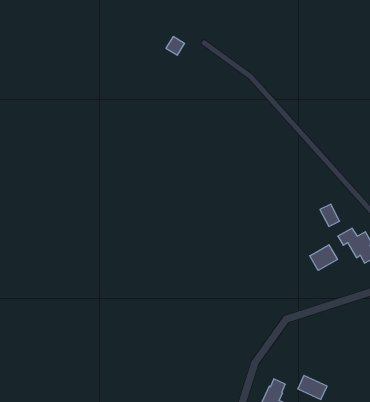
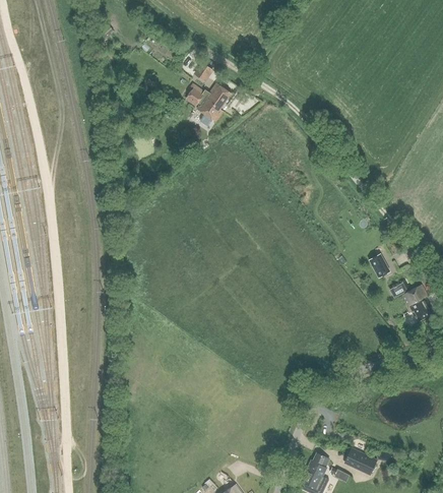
building: none -> [185,83,232,123]
building: [310,245,337,270] -> none

